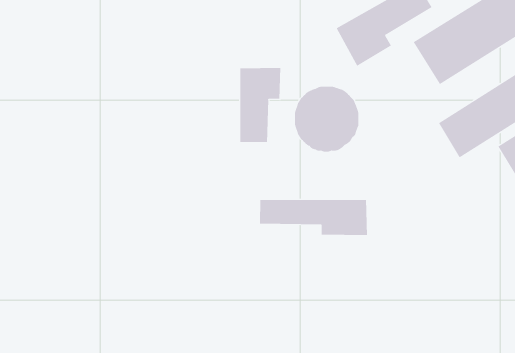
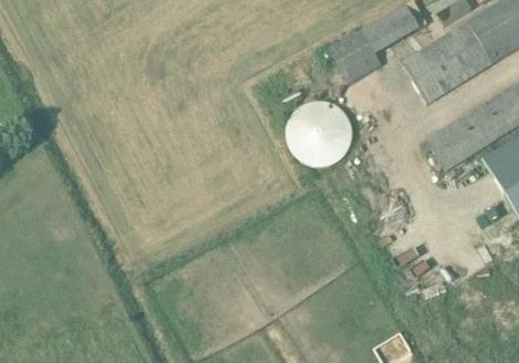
building: [240,67,281,143] -> none
building: [259,199,367,236] -> none

